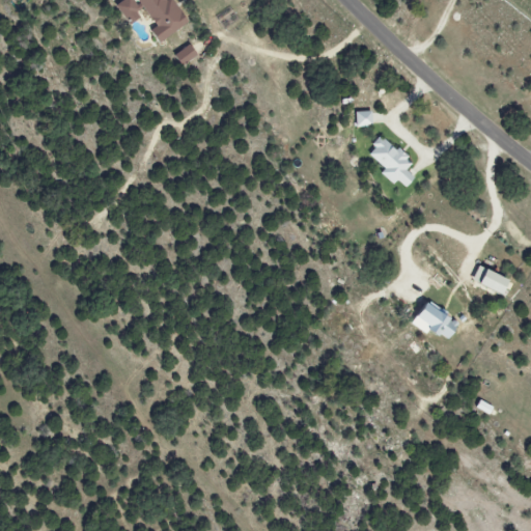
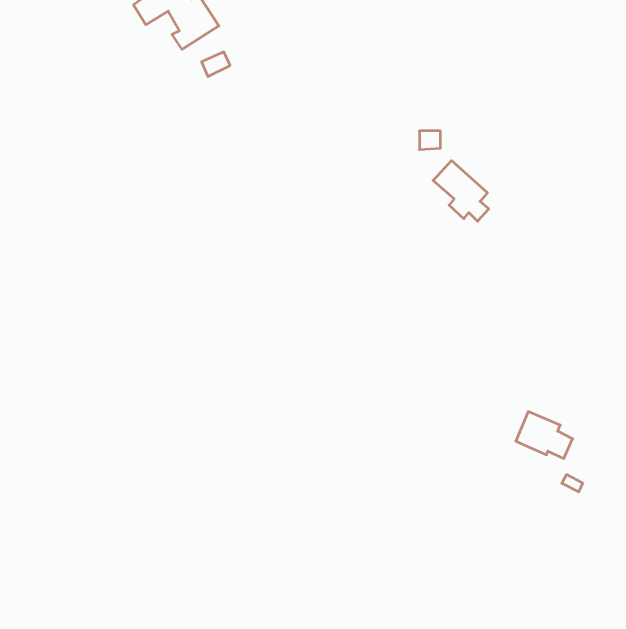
building: [471,266,508,295] -> none
building: [410,299,457,338] -> [516,412,573,458]

